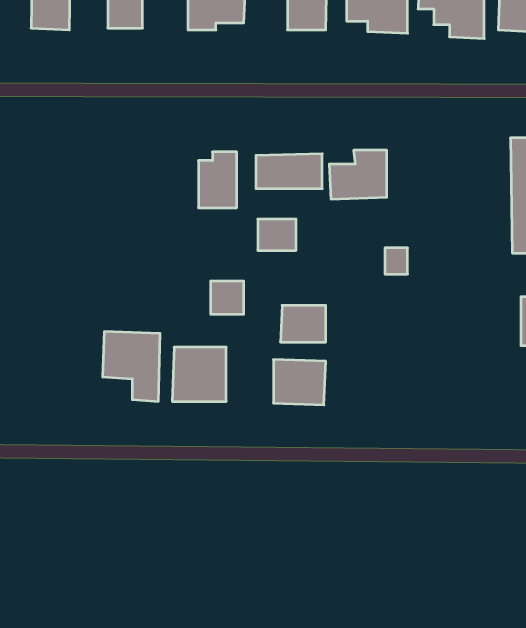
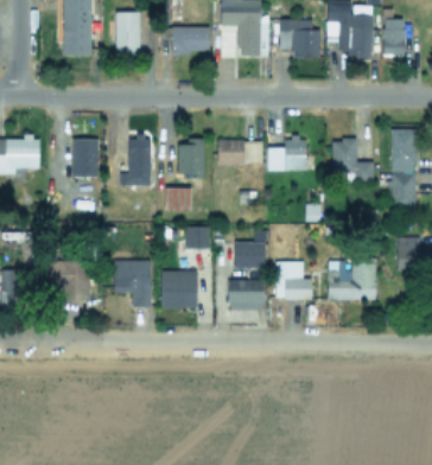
building: none -> [128,139,151,185]
building: none -> [72,140,99,178]
building: none -> [332,140,374,180]
building: [258,219,296,250] -> [165,189,191,210]
building: none -> [328,259,376,300]
building: none -> [50,261,89,302]
building: none -> [275,262,312,300]

